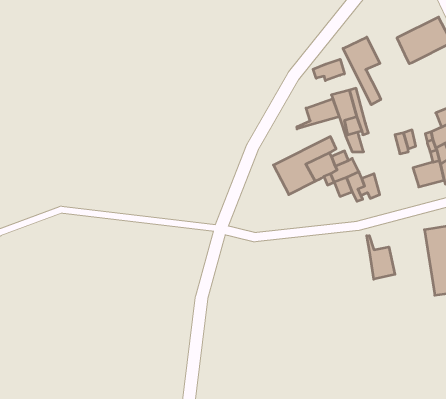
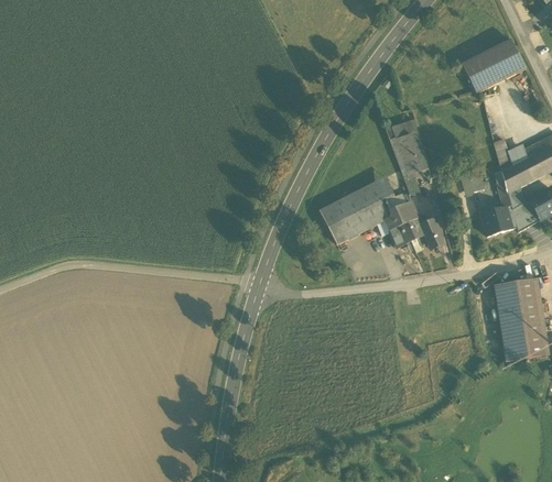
building: [343,37,381,105] -> none
building: [313,59,344,81] -> none
building: [297,99,339,129] -> none
building: [367,236,395,279] -> none

